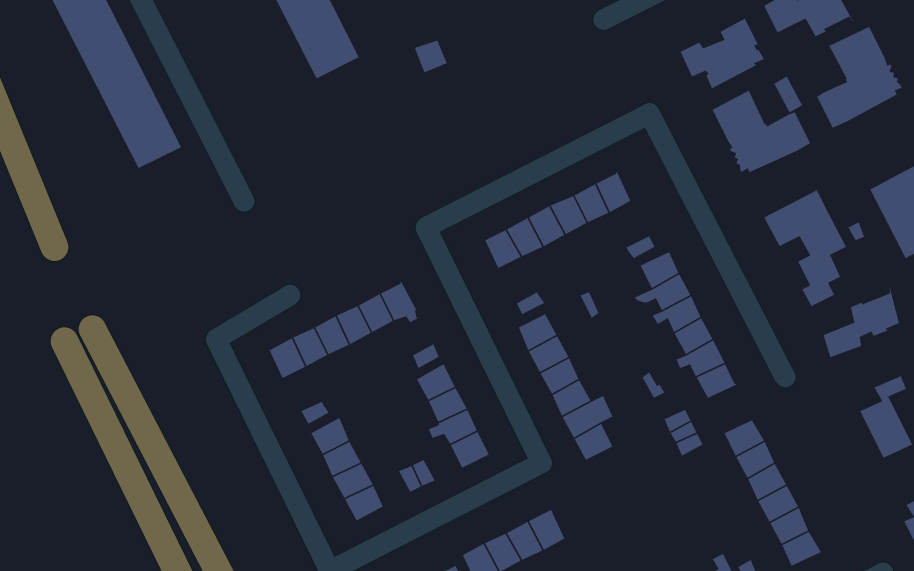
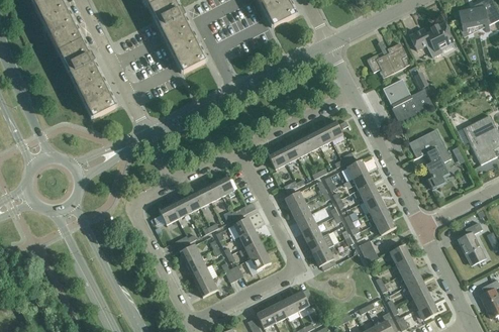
building: [816,26,903,129] -> none
building: [823,286,900,358] -> none

